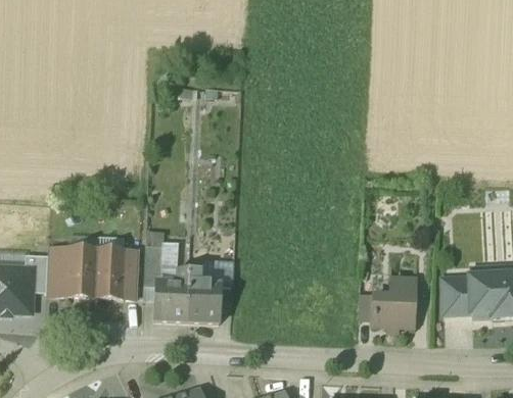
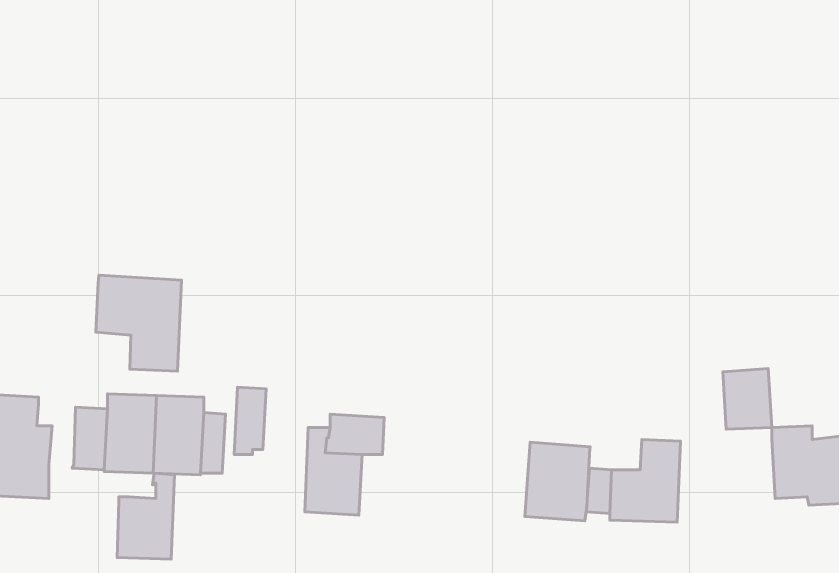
building: none -> [96,275,181,371]
building: [25,255,48,292] -> none
building: [154,268,189,320] -> [117,473,174,559]
building: [442,277,472,313] -> [723,369,772,429]
building: none -> [525,442,590,521]

